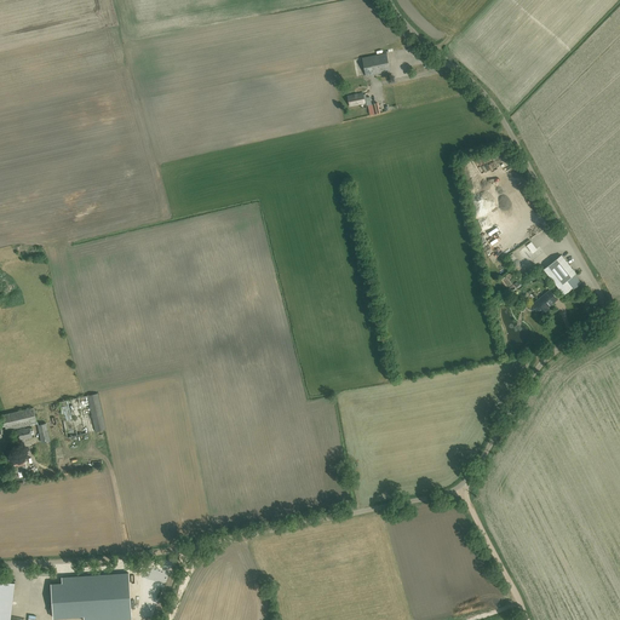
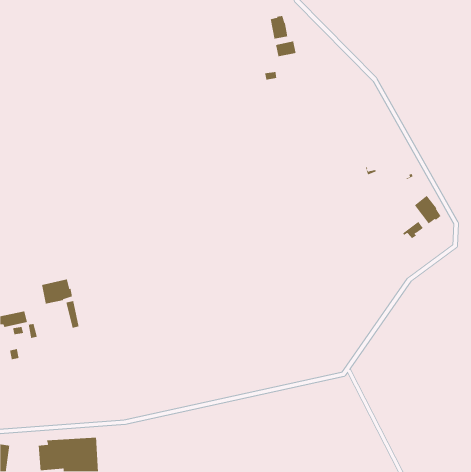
building: none -> [270,15,288,40]
building: none -> [41,279,73,304]

